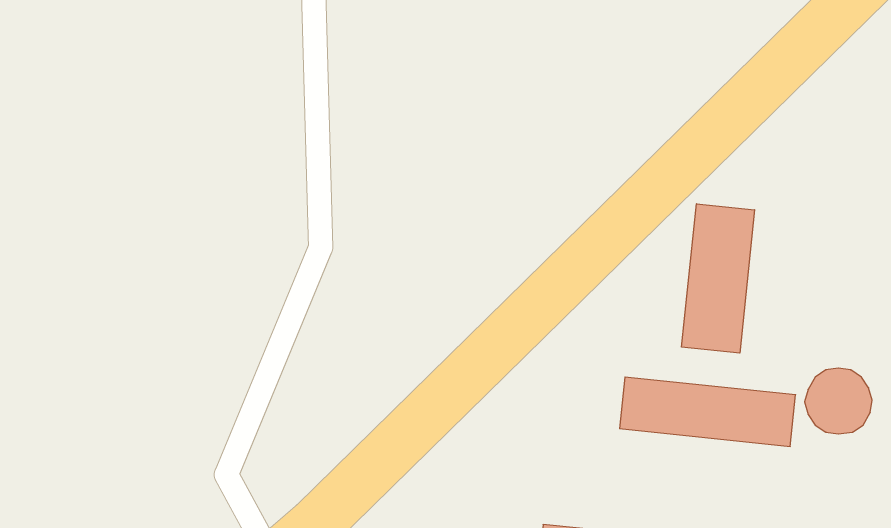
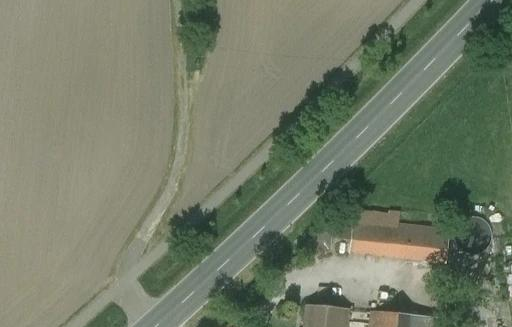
building: [682,204,755,353] -> none

